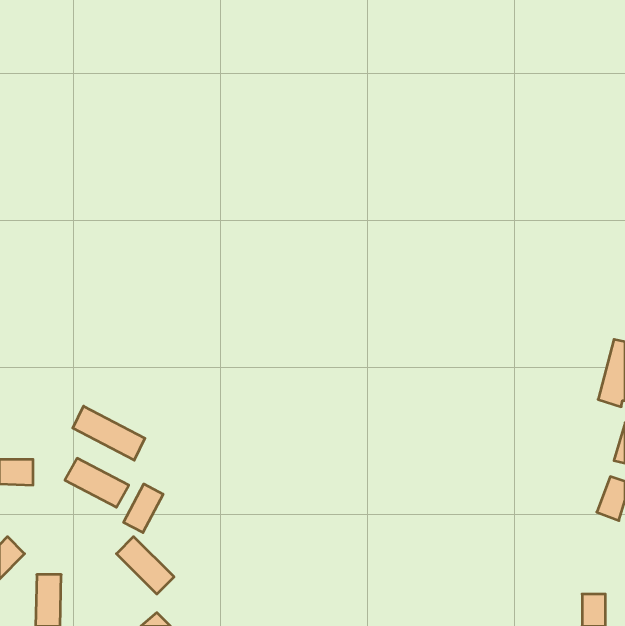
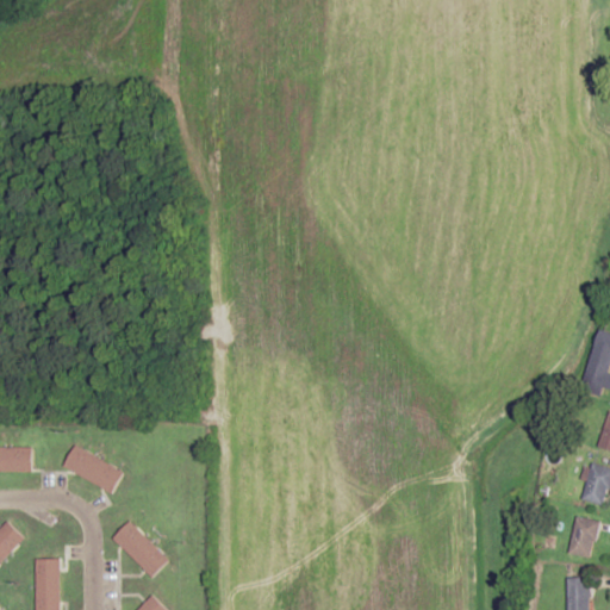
building: [73,406,145,460] -> none
building: [124,484,163,533] -> none
building: none -> [567,516,599,559]

